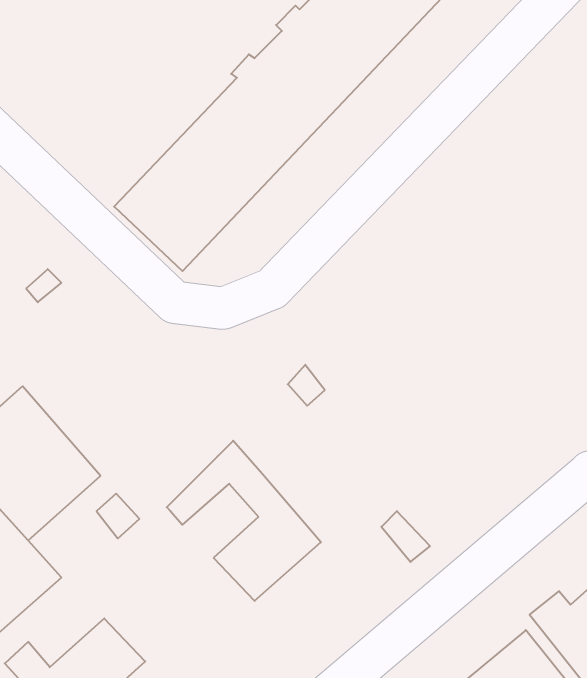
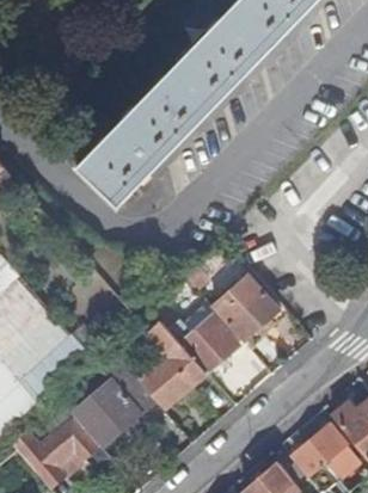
building: none -> [209,273,277,340]
building: none -> [167,316,235,372]
building: none -> [69,353,153,446]

